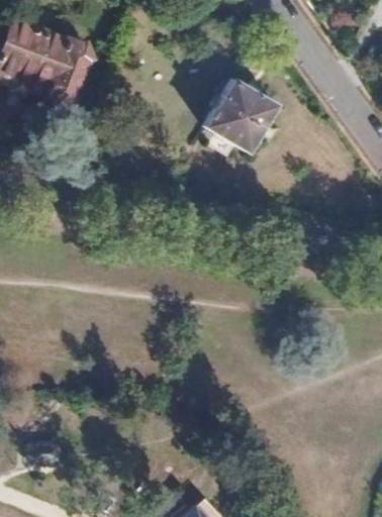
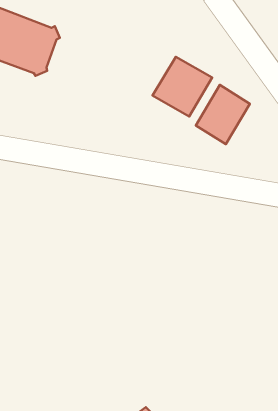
building: none -> [196,85,250,144]

